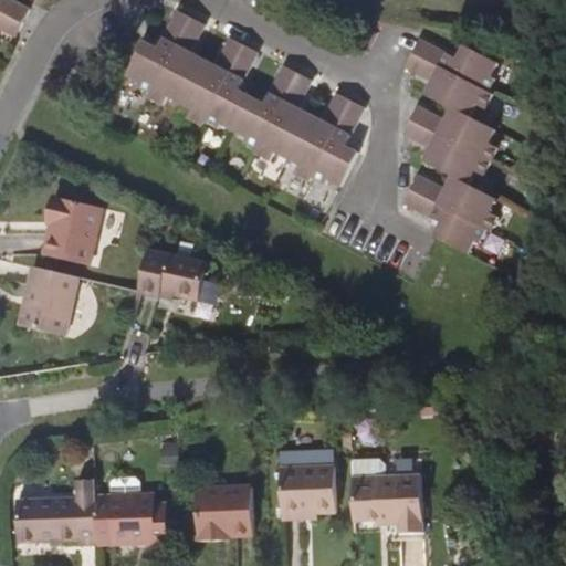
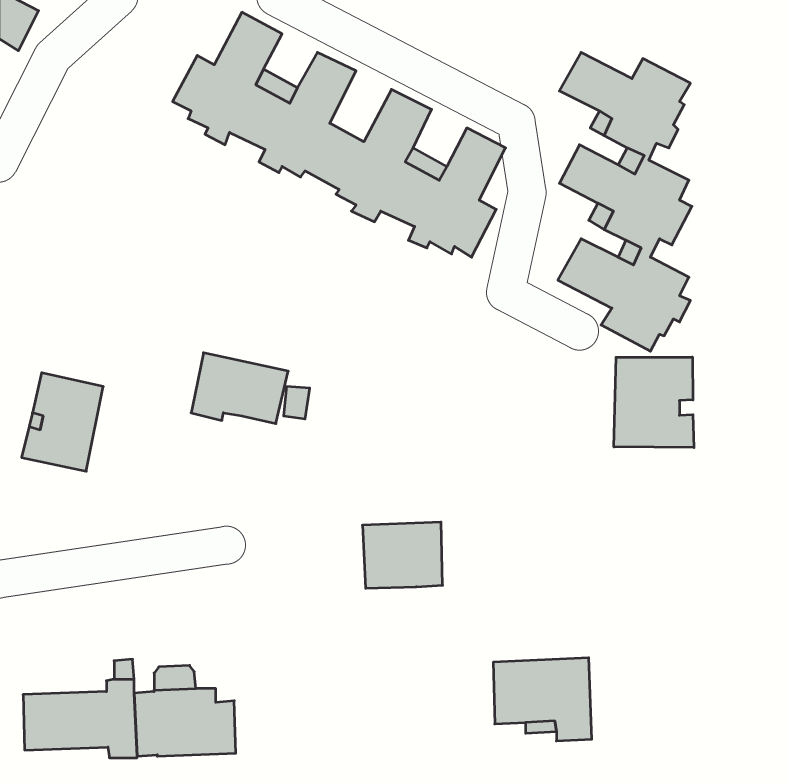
building: [42,200,101,268] -> none
building: none -> [614,357,694,448]
building: [280,463,337,511] -> [362,522,443,588]
building: [197,485,254,542] -> none

